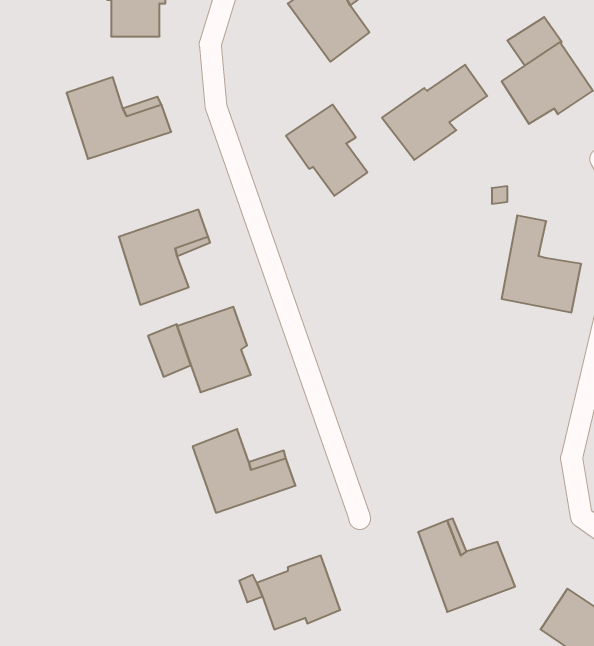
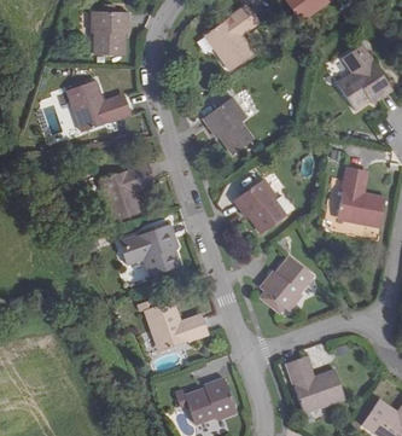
building: [382,65,487,160] -> none
building: none -> [233,179,286,233]
building: none -> [260,256,313,313]

